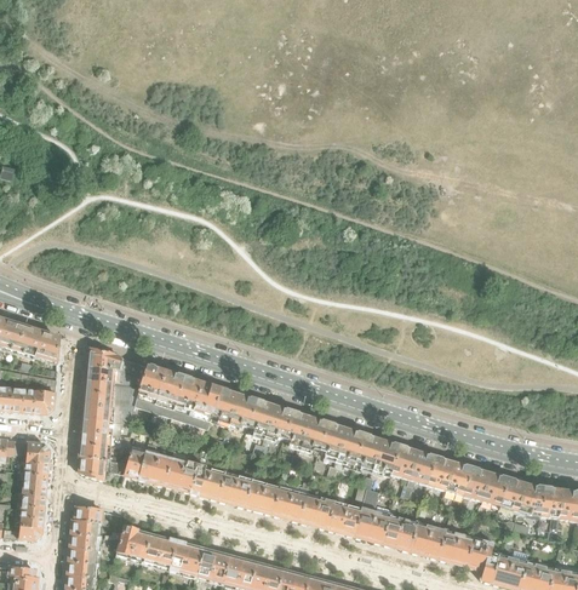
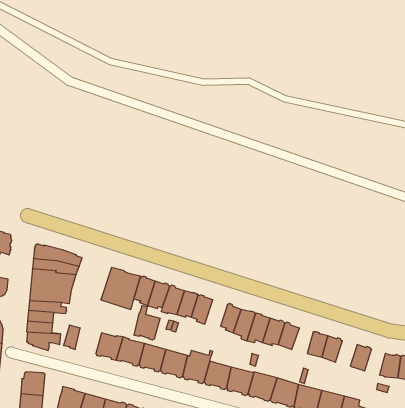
building: [136,365,185,417] -> none
building: [301,417,330,454] -> none
building: [141,442,173,485] -> [134,306,160,340]
building: [410,452,436,483] -> none
building: [464,466,491,499] -> none
building: [500,477,526,510] -> none

